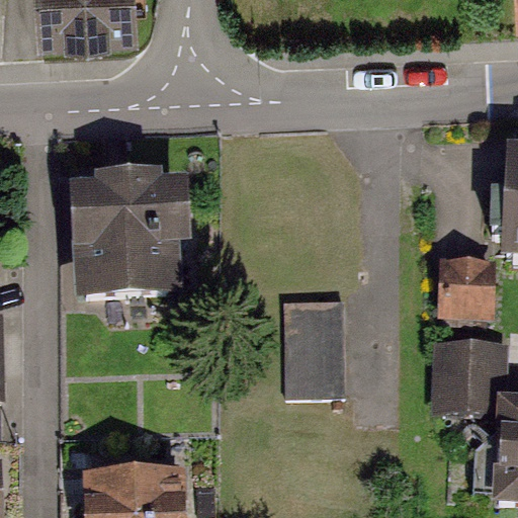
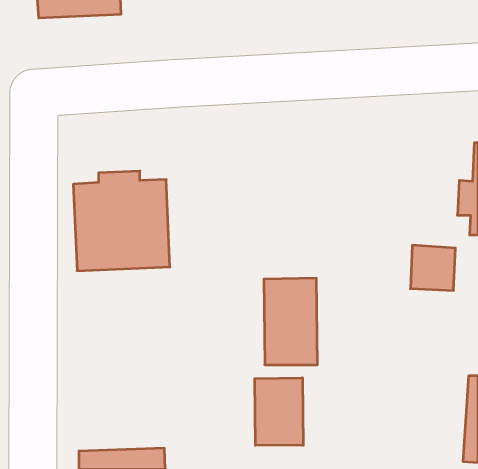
building: [445,343,495,411] -> none
building: none -> [255,378,303,445]

